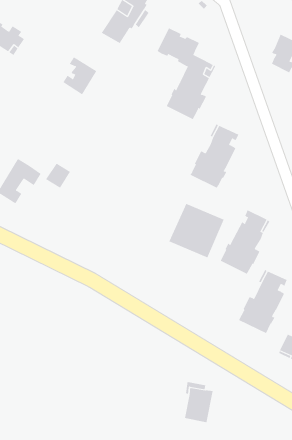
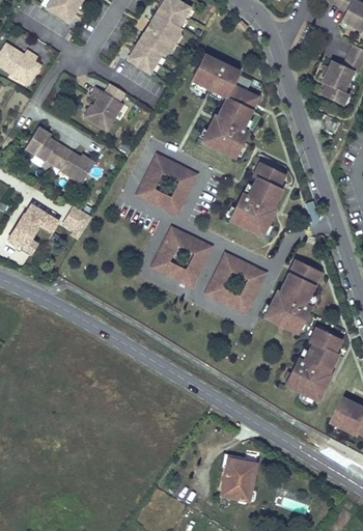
building: none -> [26,127,95,183]
building: none -> [136,152,199,216]
building: none -> [150,225,215,288]

